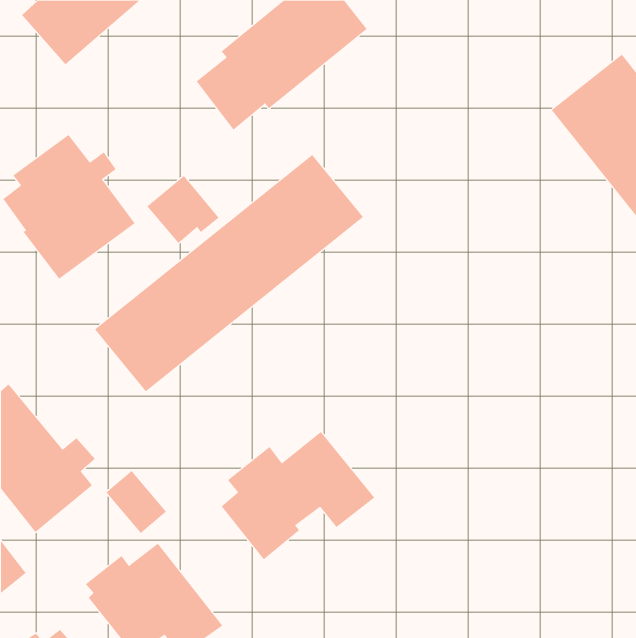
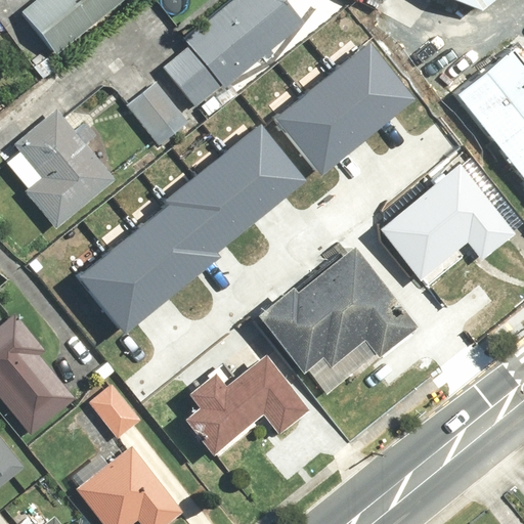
building: none -> [279,45,419,177]
building: [147,175,219,244] -> [127,82,186,138]
building: none -> [355,163,509,276]
building: none -> [255,245,420,374]

